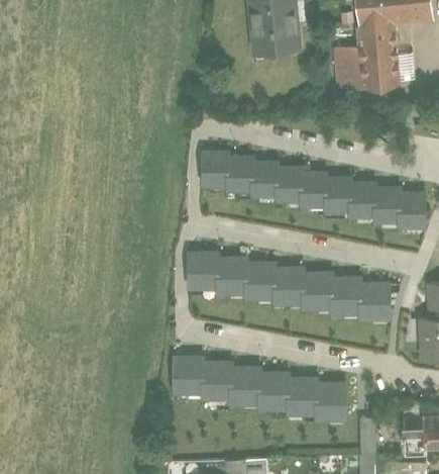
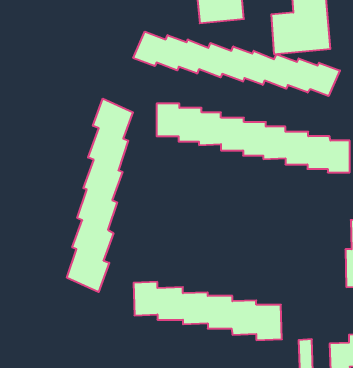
building: none -> [133,32,340,96]
building: none -> [67,99,133,292]
building: [189,252,389,318] -> none

